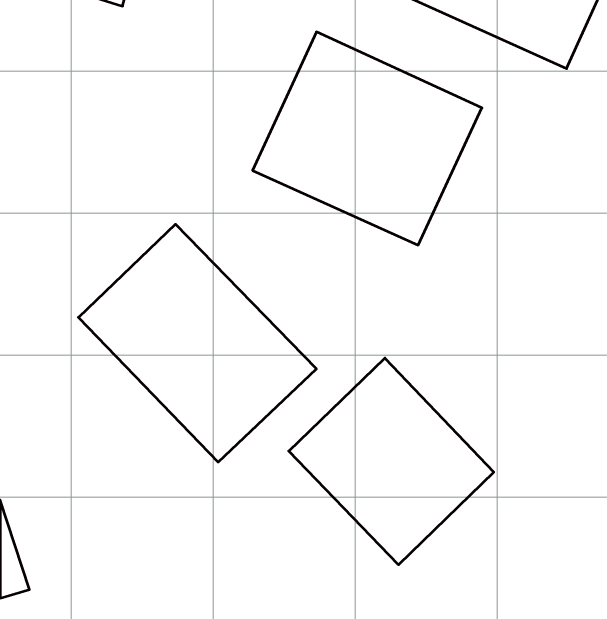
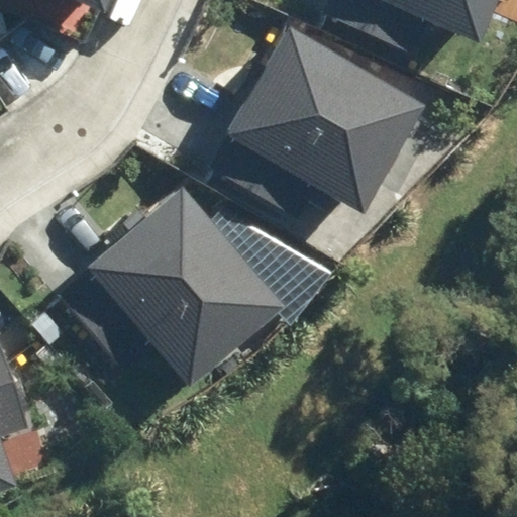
building: [289,358,494,565] -> none

